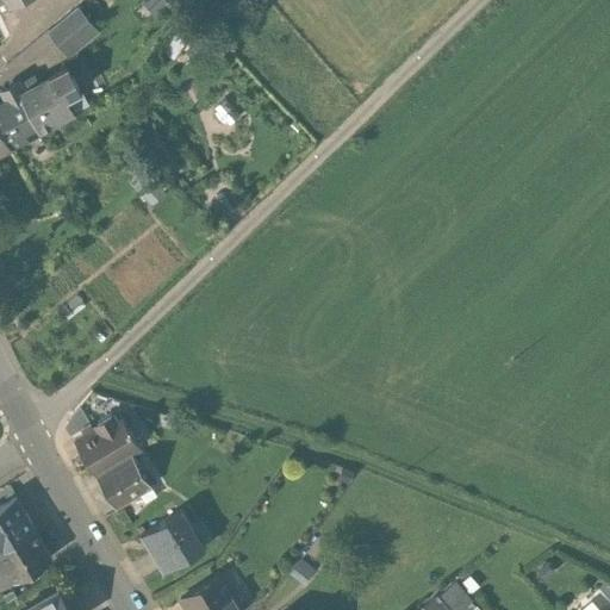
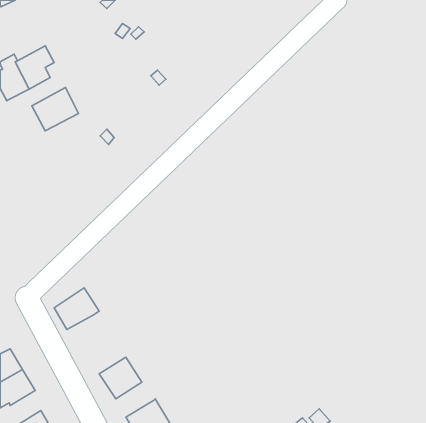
building: [48,11,98,56] -> none
building: none -> [32,88,78,131]
building: [95,455,151,510] -> none

